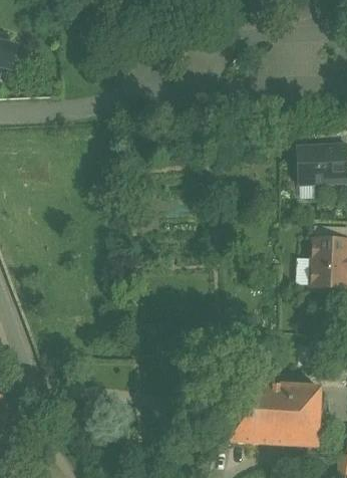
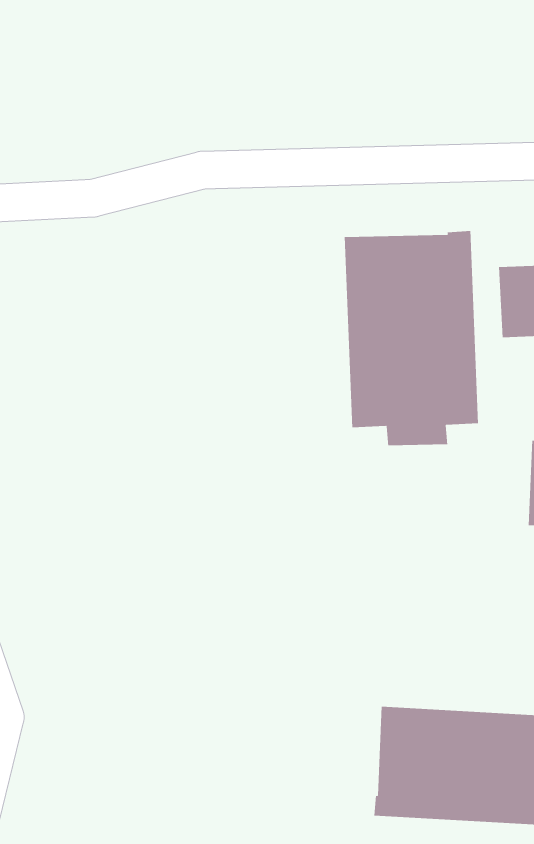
building: none -> [344,230,478,446]

